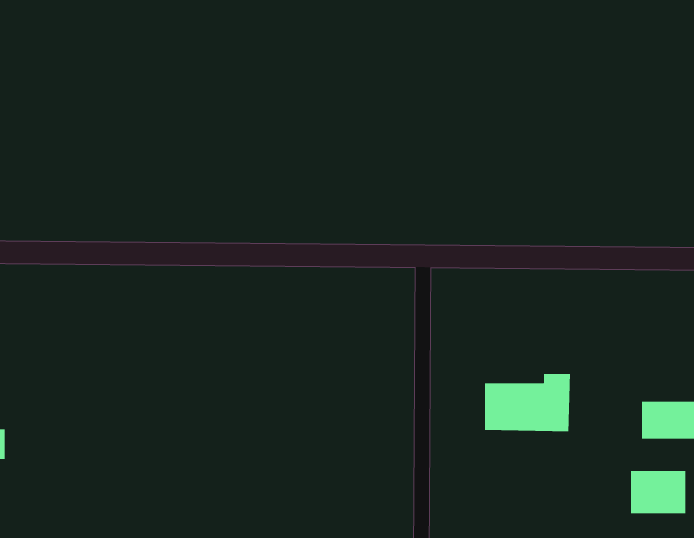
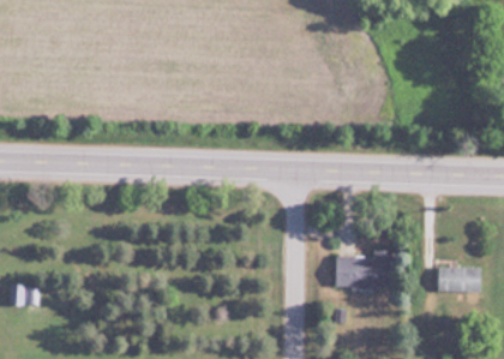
building: [630,470,686,514] -> none

